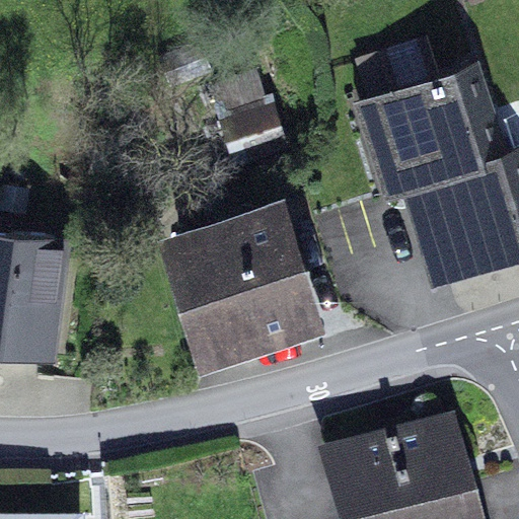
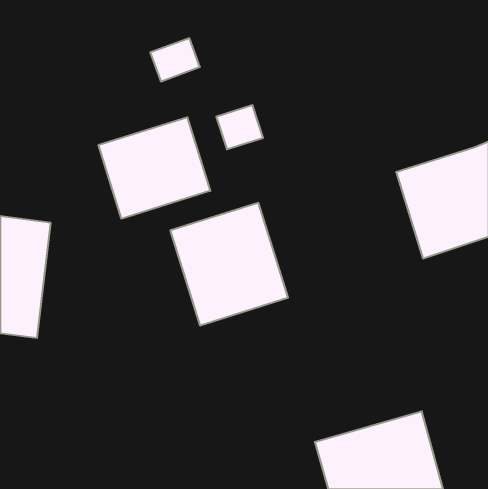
building: [362,39,504,189] -> none
building: none -> [99,117,210,219]

